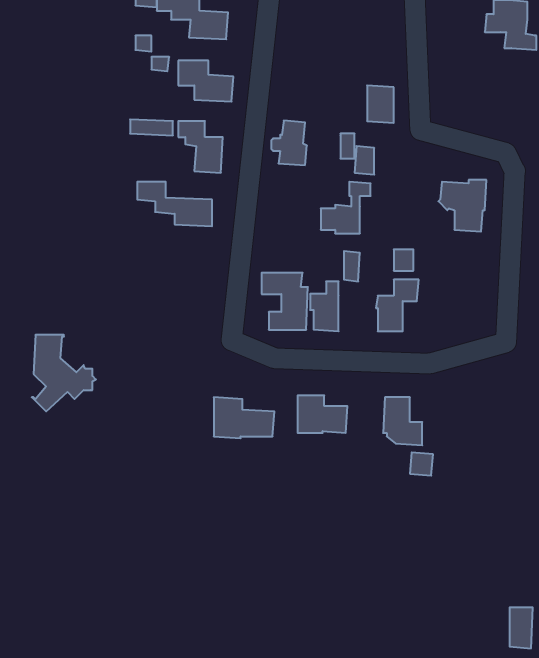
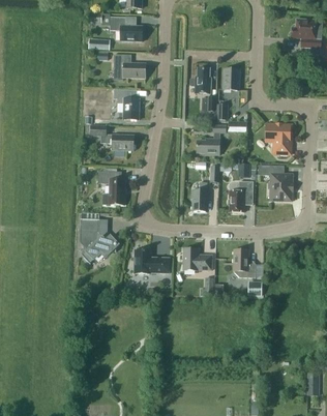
building: [271,121,307,165] -> [190,67,211,93]
building: none -> [259,165,292,200]
building: [262,273,308,330] -> [98,171,125,204]
building: [32,335,96,411] -> [81,218,118,263]

